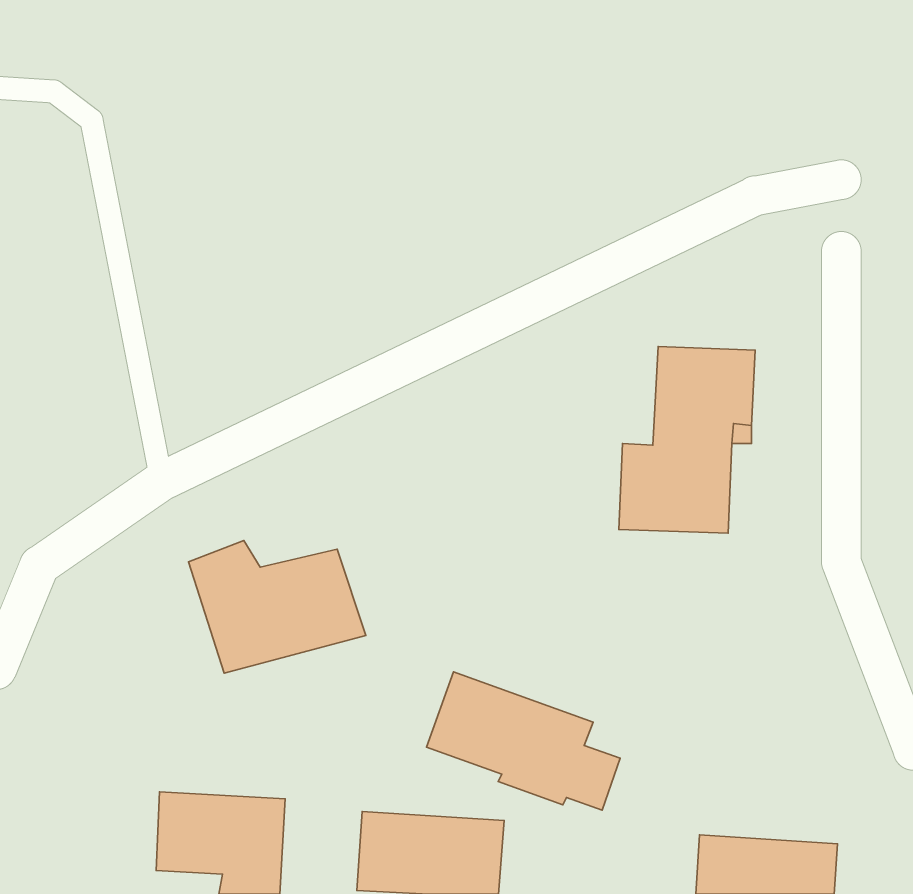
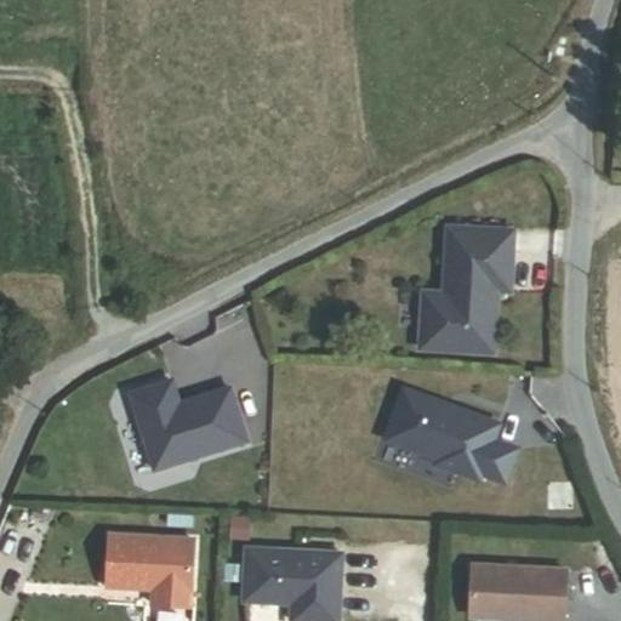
building: [426,672,620,810] -> [384,391,515,484]

